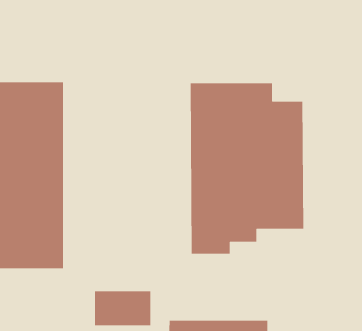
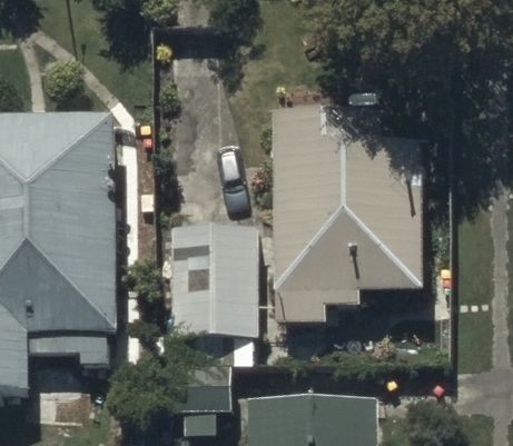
building: none -> [170,236,248,348]

